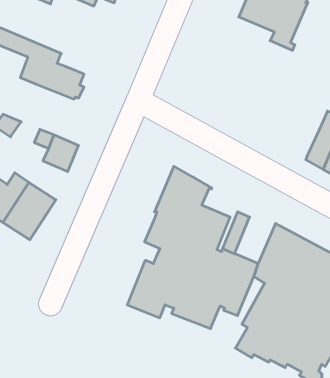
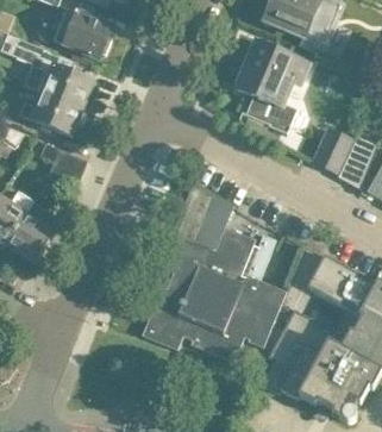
building: none -> [52,7,112,58]
building: none -> [236,42,308,134]
building: none -> [18,93,87,136]
building: none -> [313,127,355,173]

